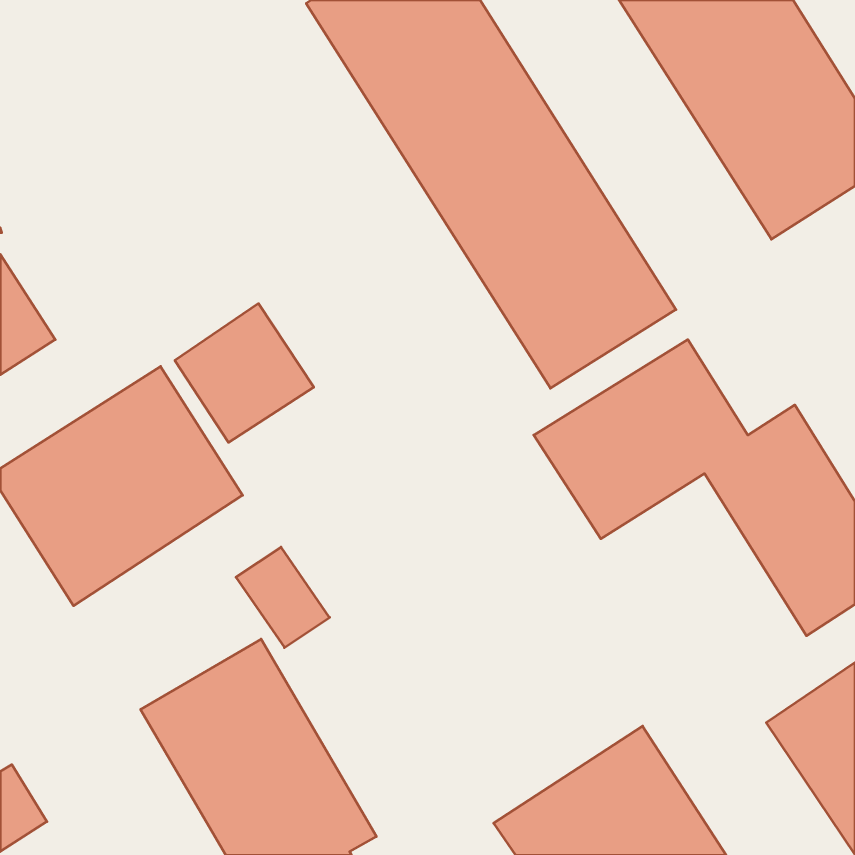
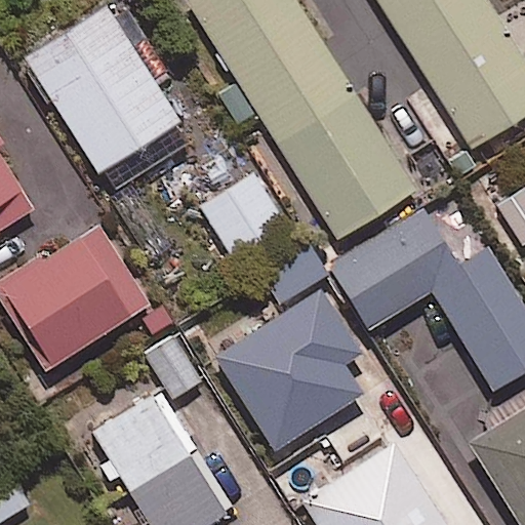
building: none -> [24,4,180,174]
building: [175,304,314,442] -> [200,172,285,257]
building: none -> [214,242,362,450]

